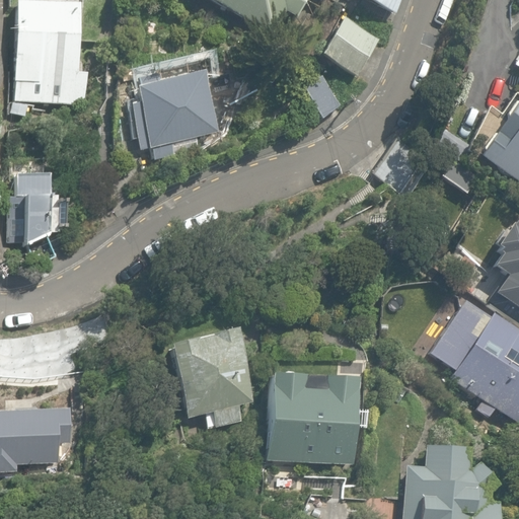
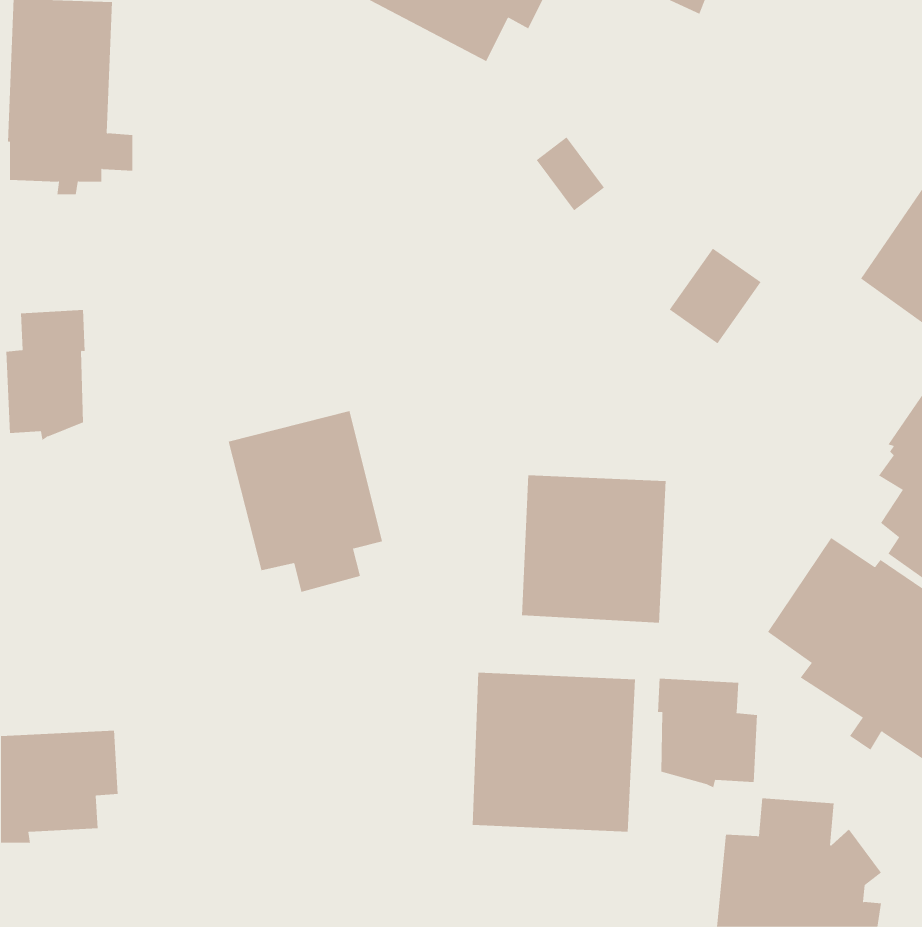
building: [321,17,381,76] -> none
building: [137,56,220,161] -> none
building: none -> [522,475,666,624]
building: [169,327,255,429] -> [228,411,383,593]
building: none -> [657,678,758,788]

